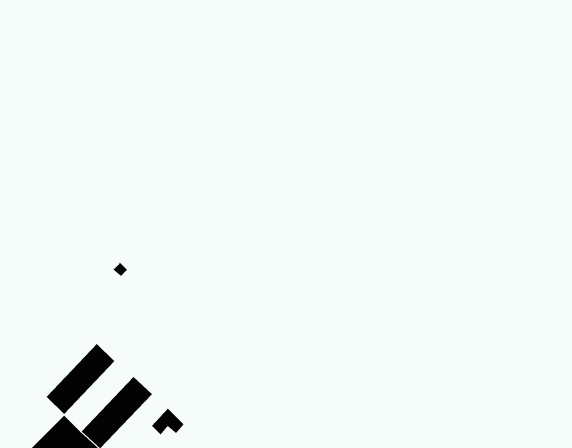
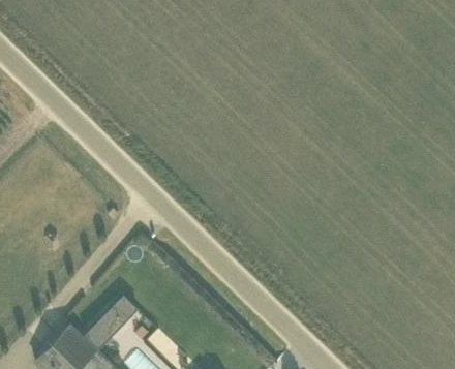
building: [46,343,115,415] -> none

